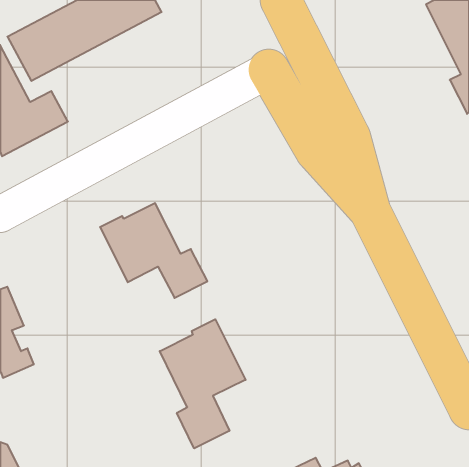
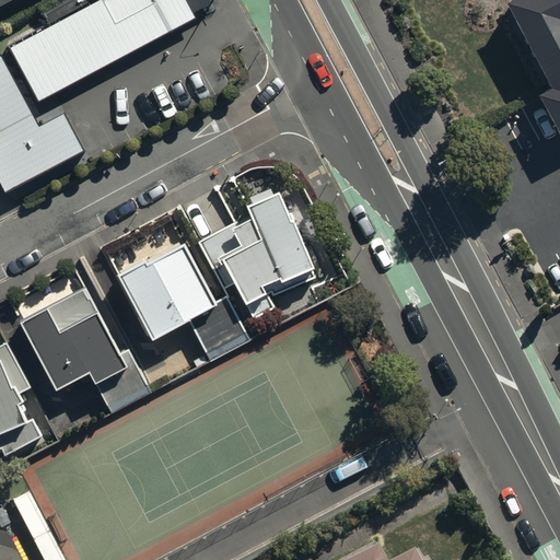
building: none -> [200,186,315,317]
building: none -> [25,299,151,415]
building: [160,319,246,448] -> none

